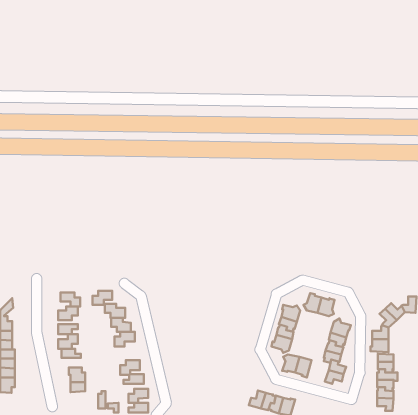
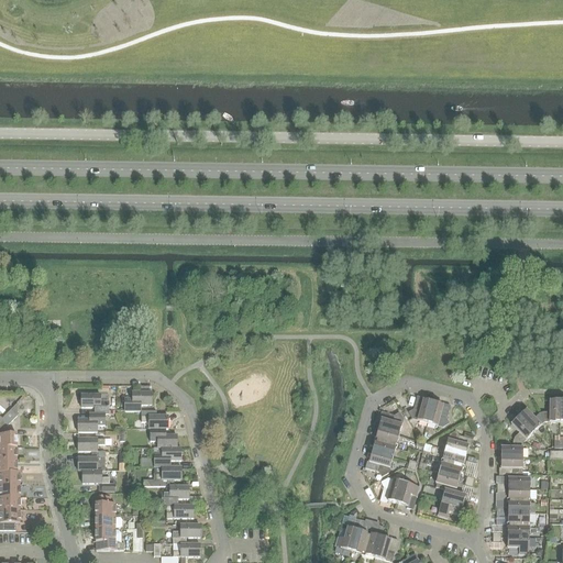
building: none -> [143,466,181,485]
building: none -> [95,527,122,548]

